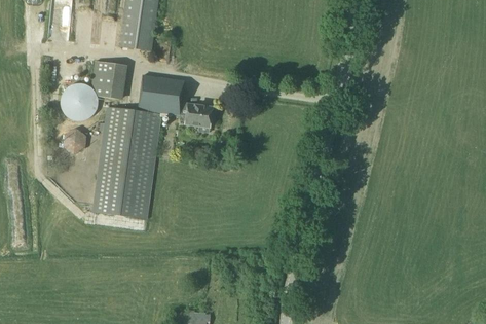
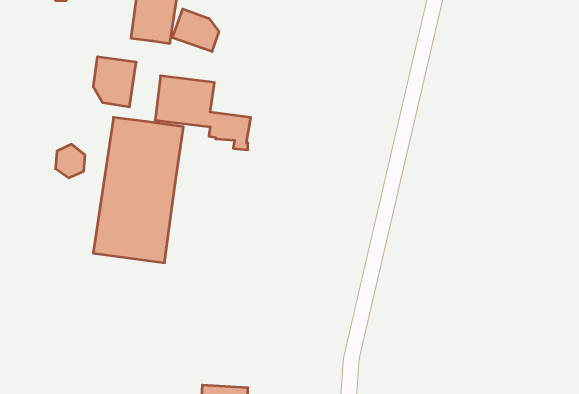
building: none -> [172,9,219,52]
building: [67,87,98,118] -> none

